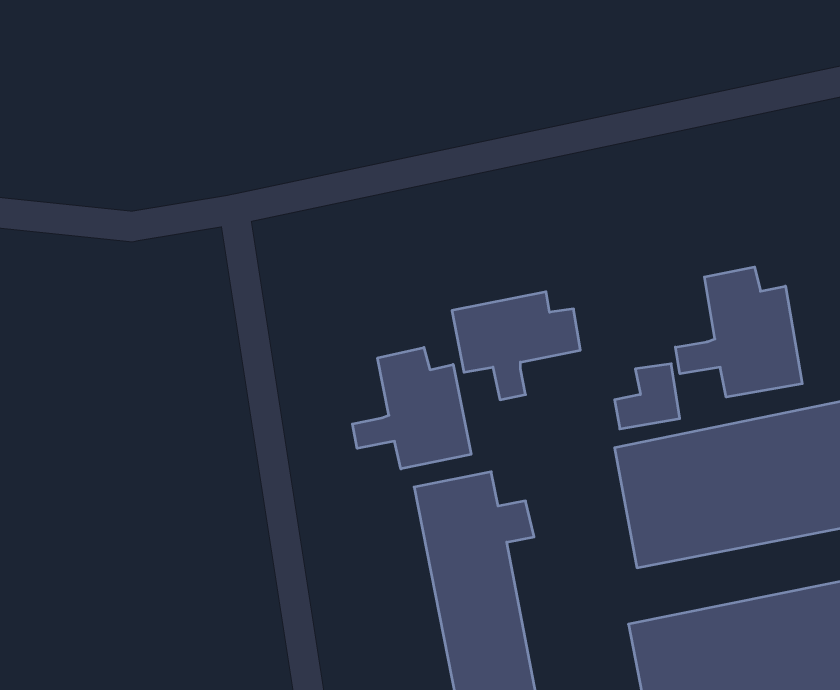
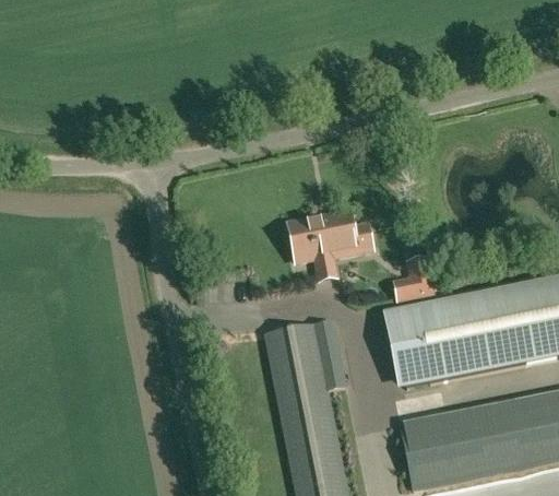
building: [675,267,802,397] -> none
building: [352,347,471,469] -> none

